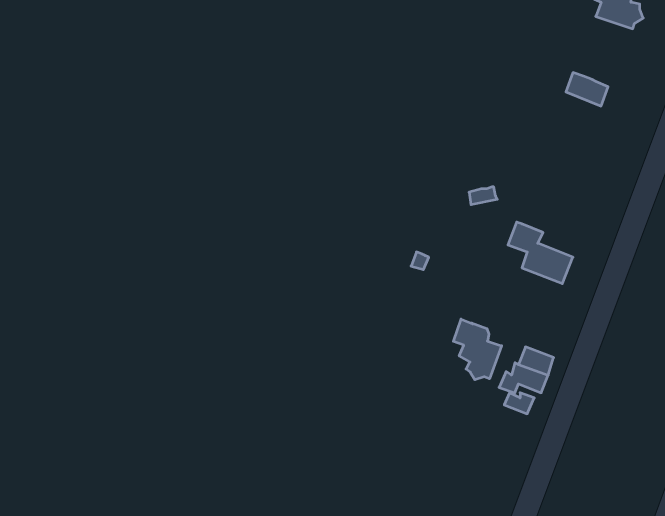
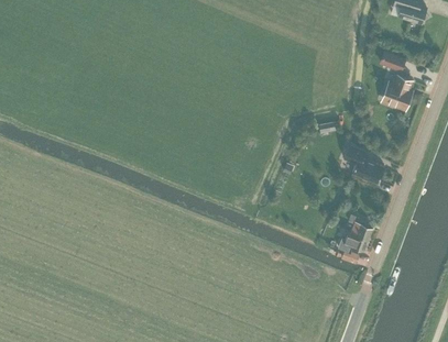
building: none -> [382,74,411,108]
building: [453,319,502,380] -> none

